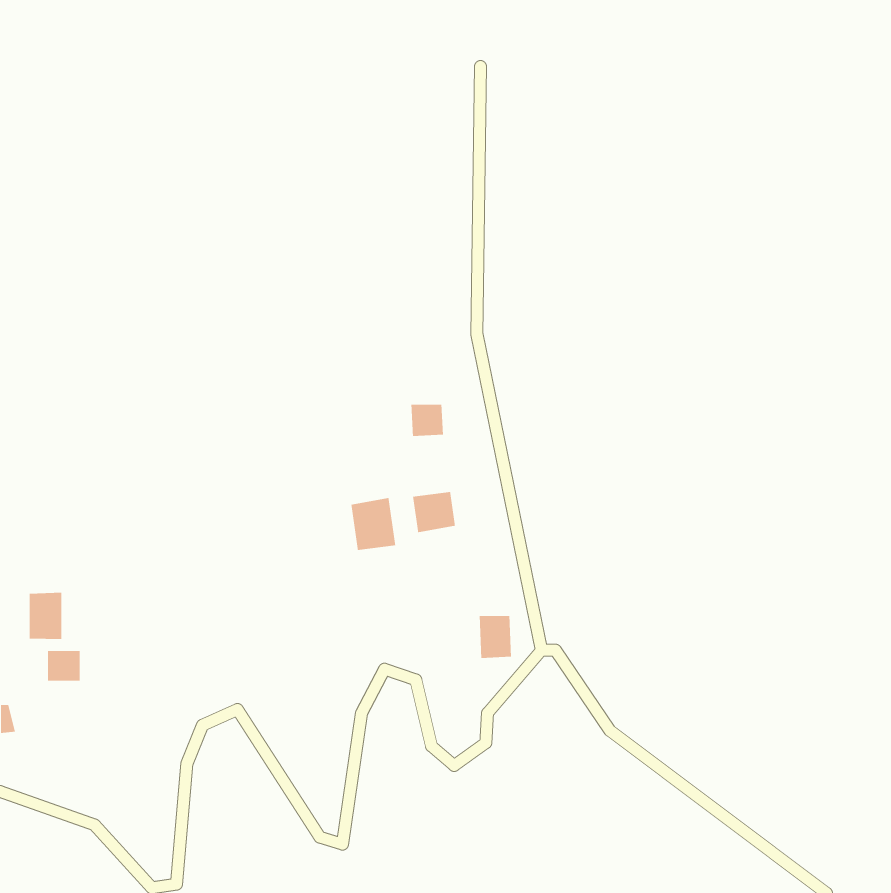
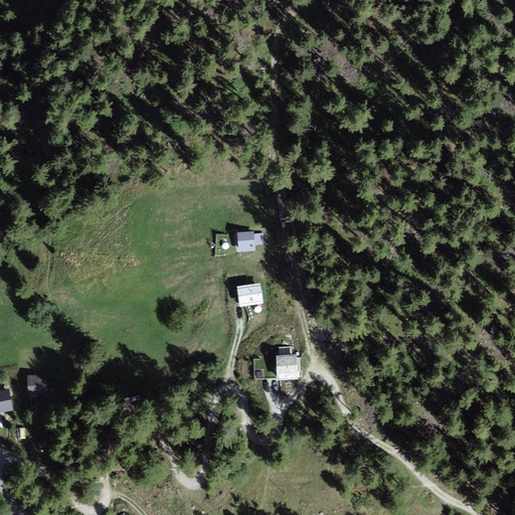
building: [351,497,396,551] -> none
building: [29,592,62,640] -> none

